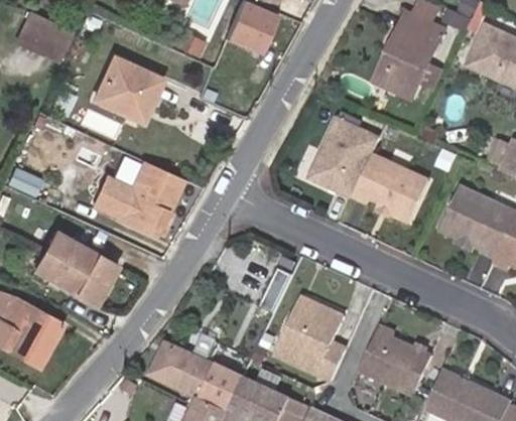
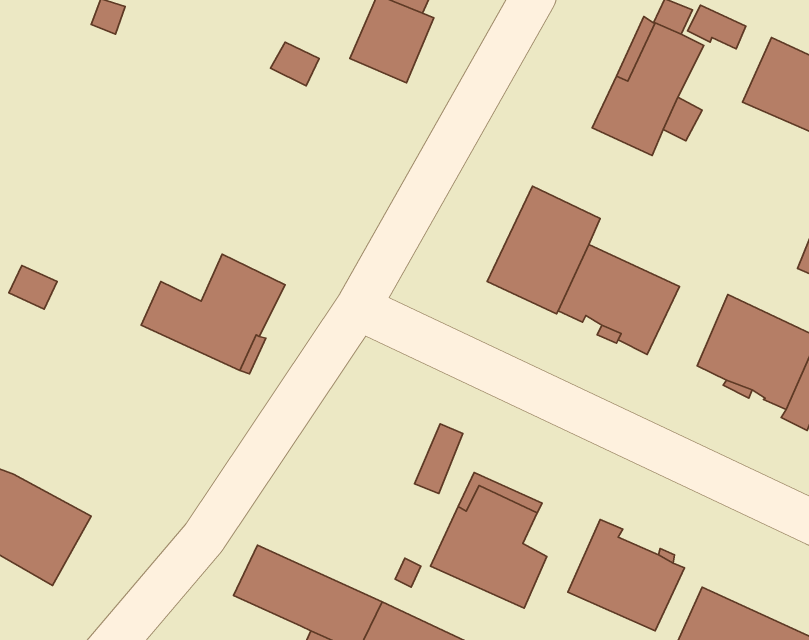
building: [17,13,70,58] -> none
building: [93,56,161,122] -> none
building: [33,231,117,304] -> none

